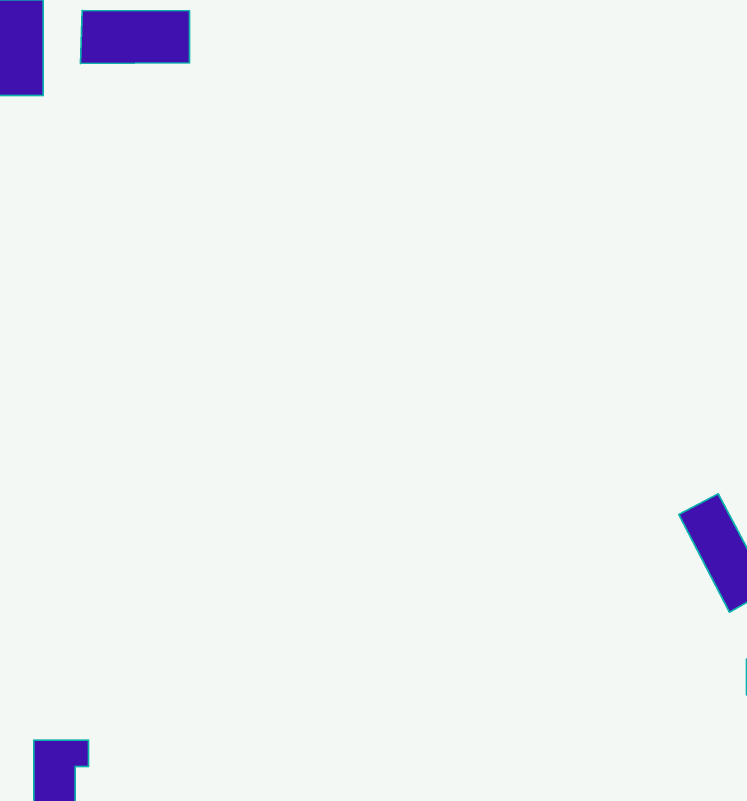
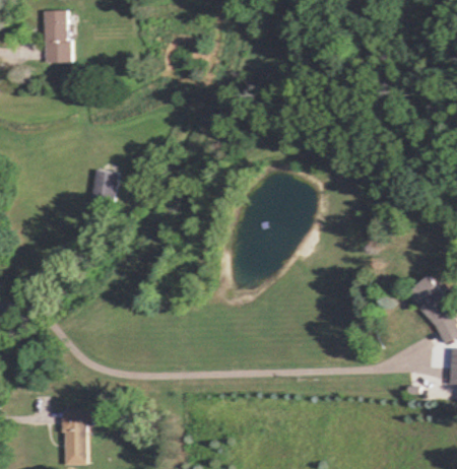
building: [81,10,189,63] -> none
building: none -> [93,170,117,201]

